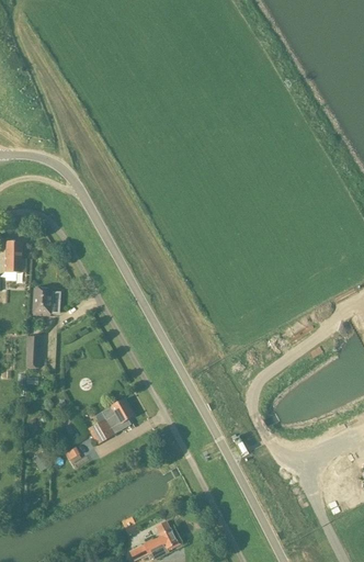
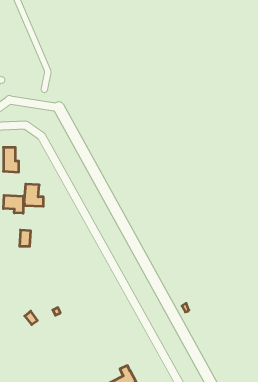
building: none -> [3,195,23,213]
building: [90,397,134,442] -> none

